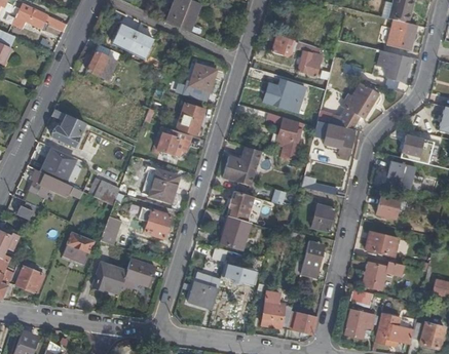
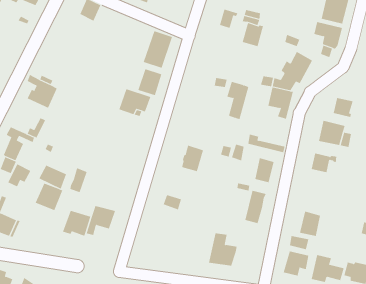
building: [129,31,155,57] -> none
building: [87,44,122,82] -> none
building: [263,78,305,113] -> none
building: [224,146,262,185] -> none
building: [42,150,69,176] -> [8,163,31,187]
building: [150,168,180,201] -> none
building: [88,178,120,205] -> [39,165,67,189]
building: [139,205,173,237] -> none
building: [221,214,250,248] -> none
building: [364,233,397,258] -> none
building: [223,259,257,285] -> none
building: [188,281,218,309] -> none
building: [286,310,317,336] -> none

